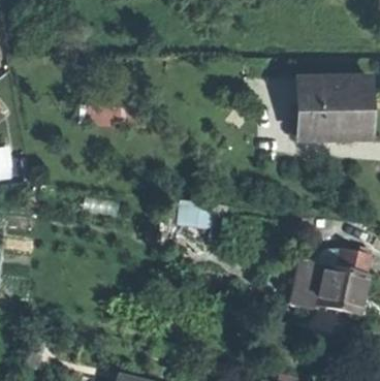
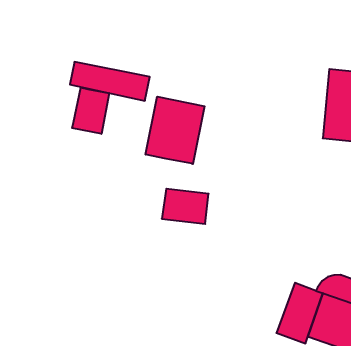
building: none -> [146,97,205,164]
building: none -> [72,88,109,134]

